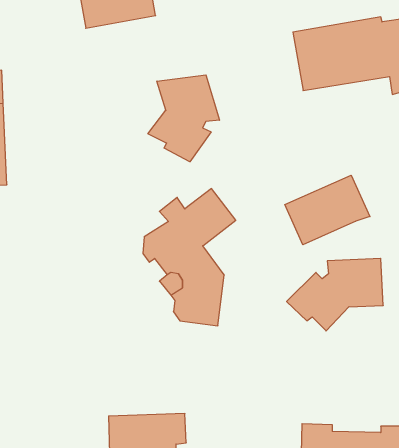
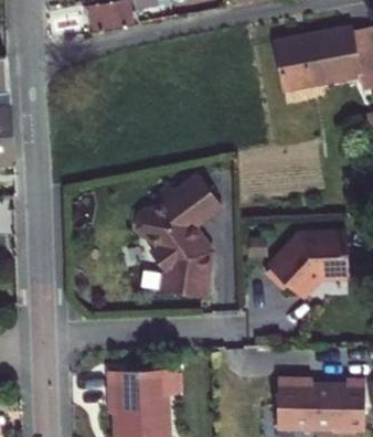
building: [148,75,219,162] -> none
building: [285,175,370,245] -> none

